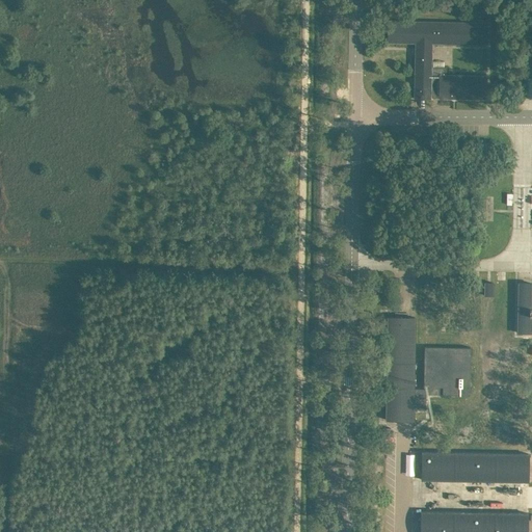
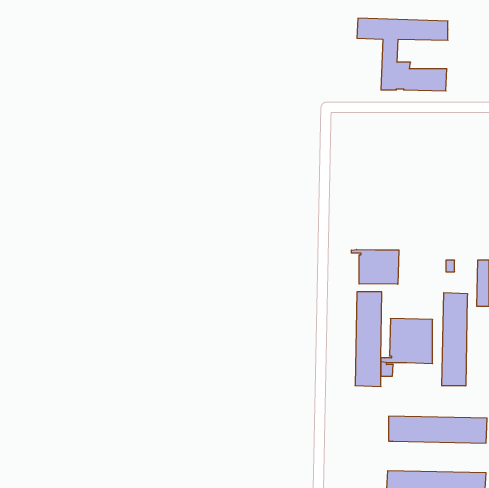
building: none -> [351,249,399,284]
building: none -> [442,293,467,386]

